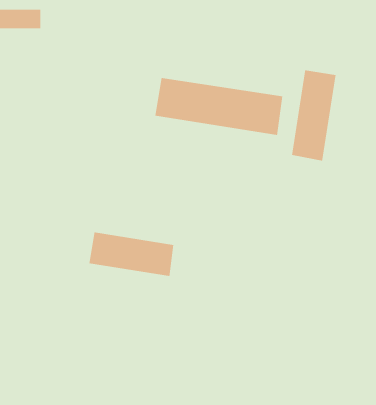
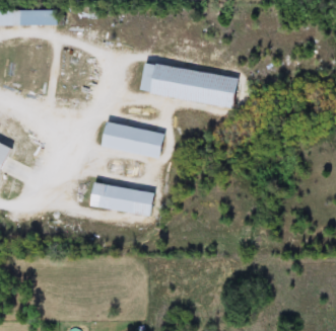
building: [291,70,336,162] -> none
building: none -> [98,121,162,156]

